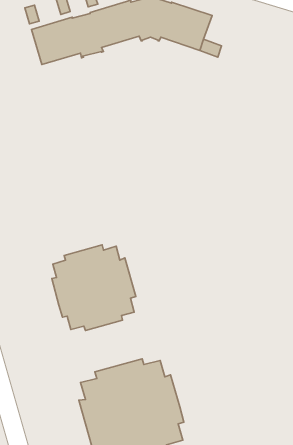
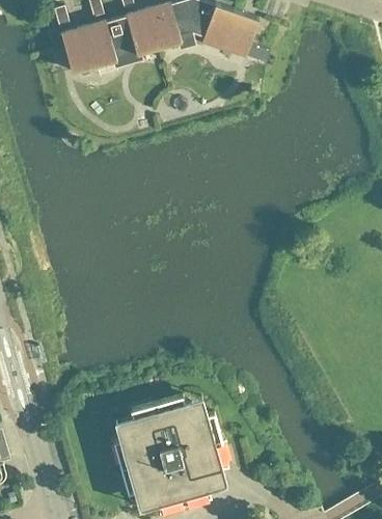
building: [52,245,136,330] -> none

